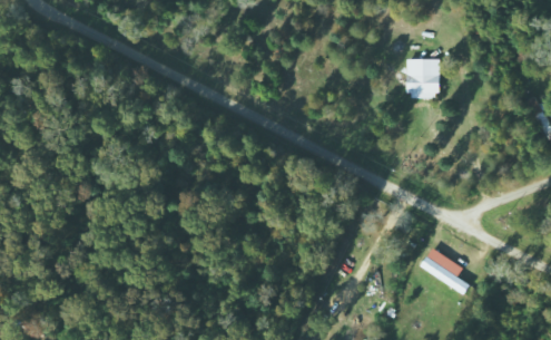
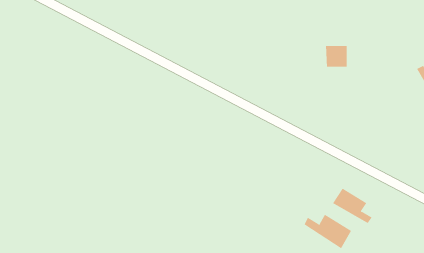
building: none -> [304,214,352,249]

